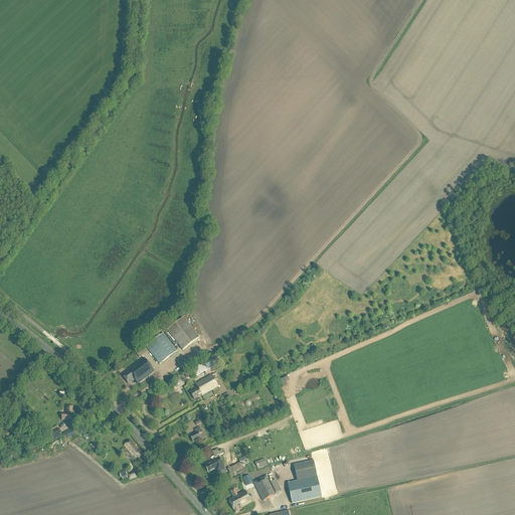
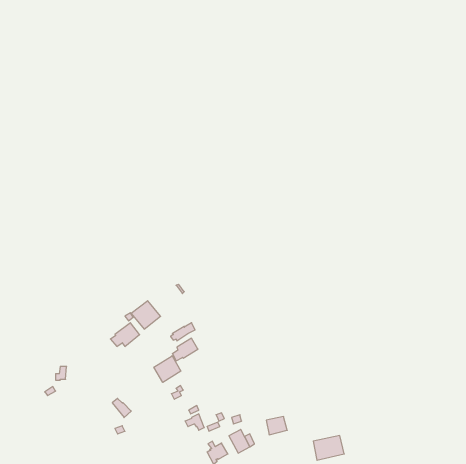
building: [167,316,199,349] -> none
building: none -> [154,356,181,382]
building: [288,476,322,503] -> [313,436,344,460]

